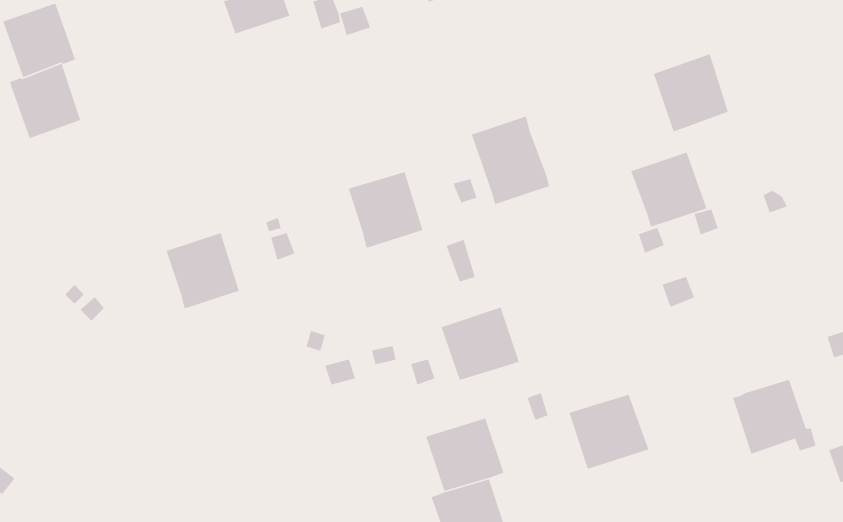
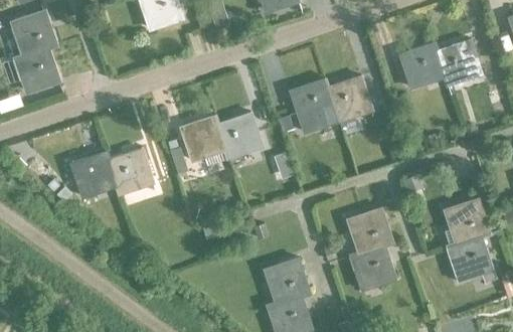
building: none -> [436,39,480,86]
building: [630,151,707,227] -> [325,75,371,121]
building: none -> [180,116,225,161]
building: none -> [71,151,117,197]
building: [440,306,520,381] -> [346,208,393,253]
building: none -> [443,199,489,245]

